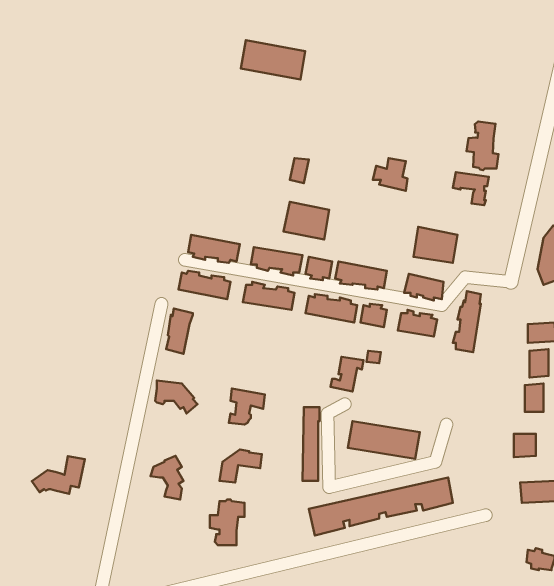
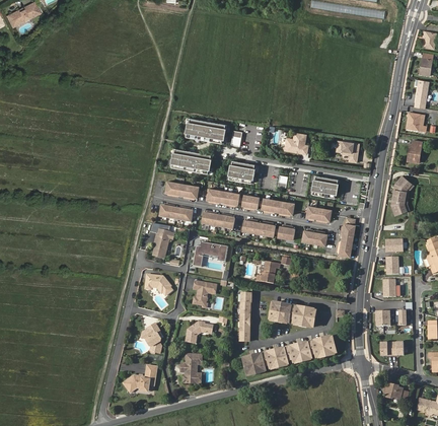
building: [241,40,305,79] -> [186,118,227,143]
building: [467,121,499,170] -> none
building: none -> [171,148,213,173]
building: none -> [192,240,226,266]
building: [32,456,85,494] -> [123,366,157,390]

